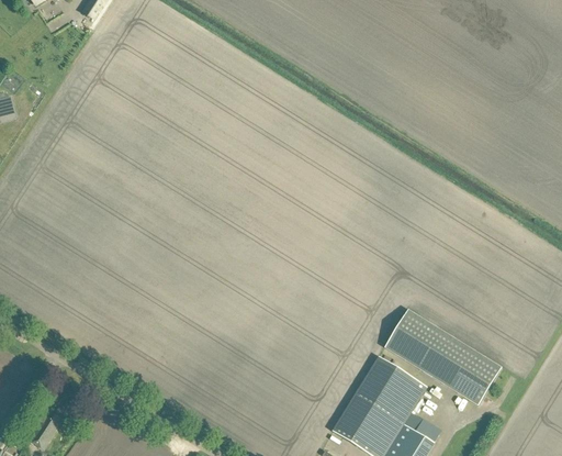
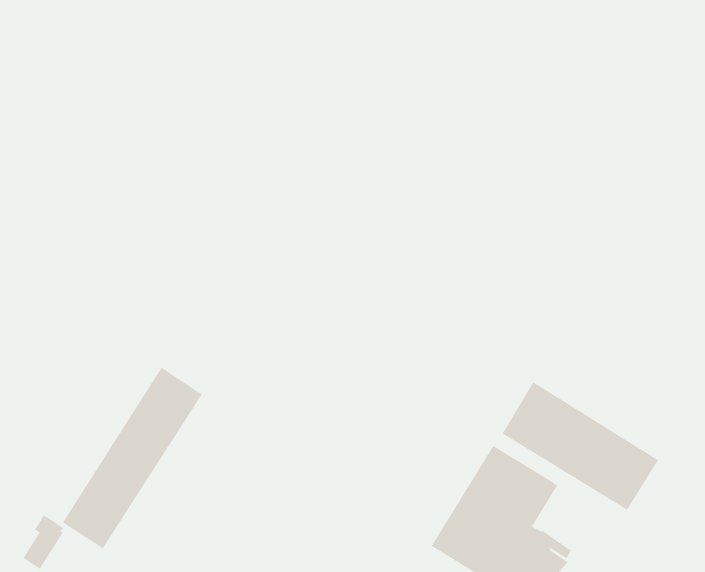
building: none -> [62,367,203,549]

